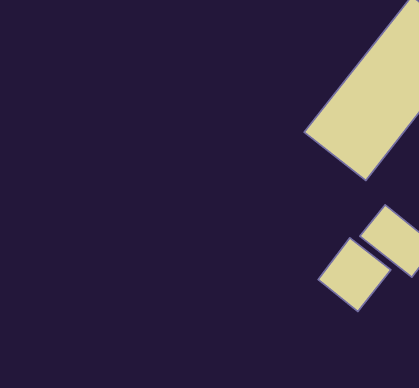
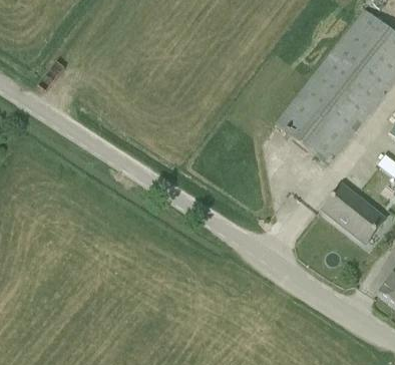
building: [318,238,391,311] -> none

